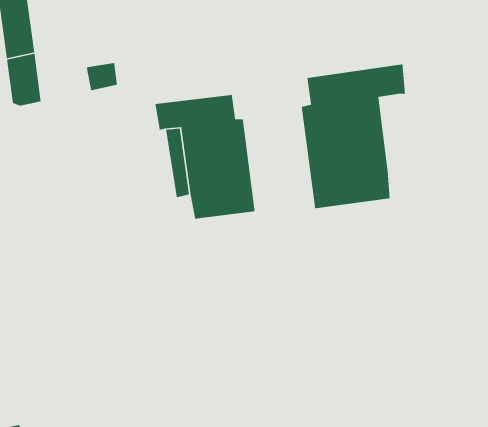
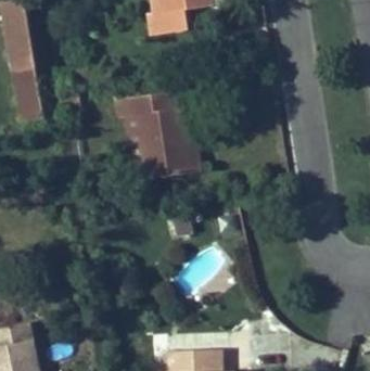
building: [301,64,406,209] -> none

